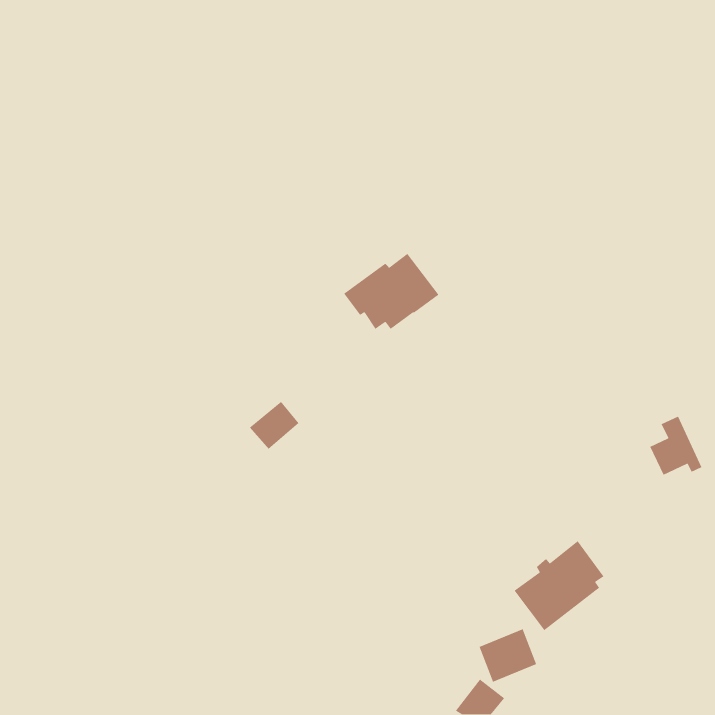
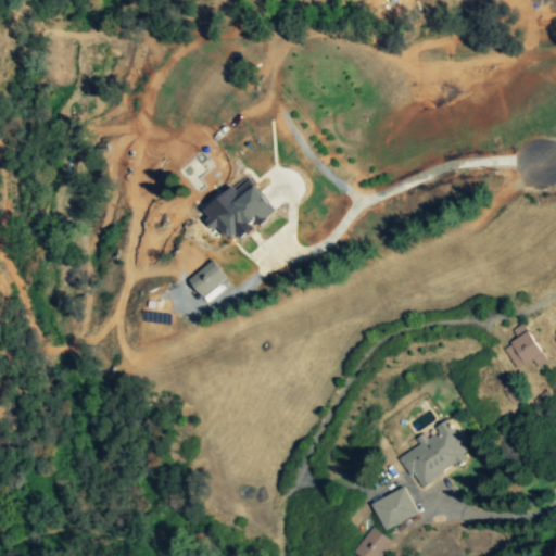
building: [343,253,440,330] -> [201,179,276,239]
building: [249,401,299,450] -> [188,260,227,298]

